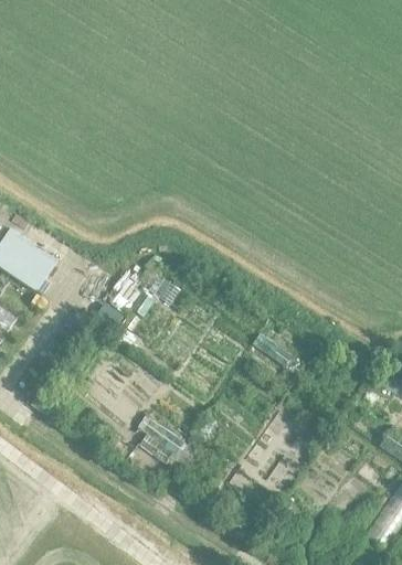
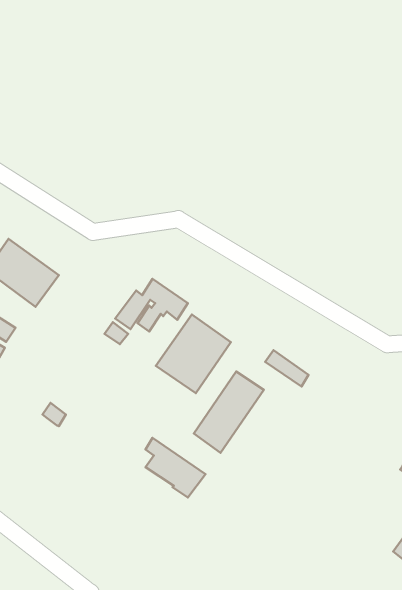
building: none -> [156,314,231,393]
building: none -> [194,371,264,453]

